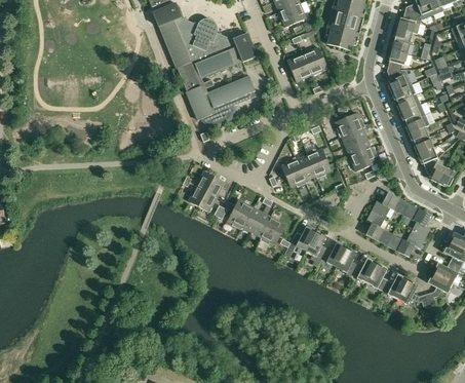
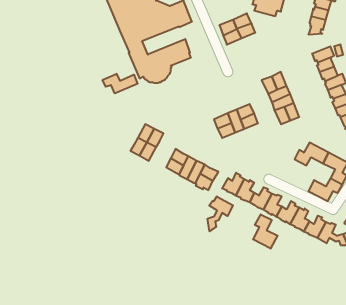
building: [387,69,412,91] -> none
building: none -> [103,74,138,93]
building: [365,209,393,245] -> none
building: none -> [208,196,233,231]
building: none -> [253,214,278,249]

